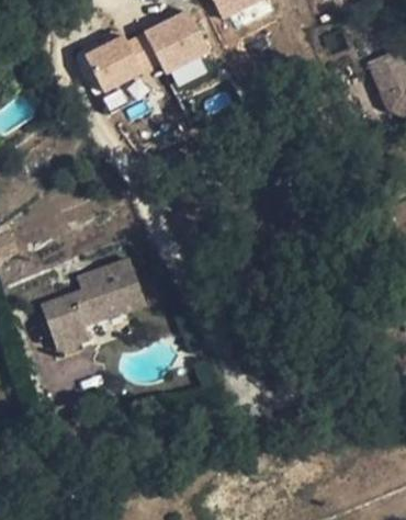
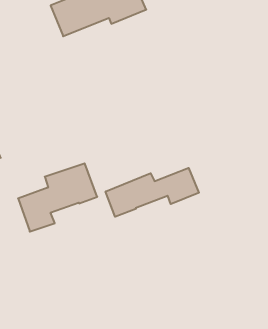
building: none -> [106,168,199,217]

